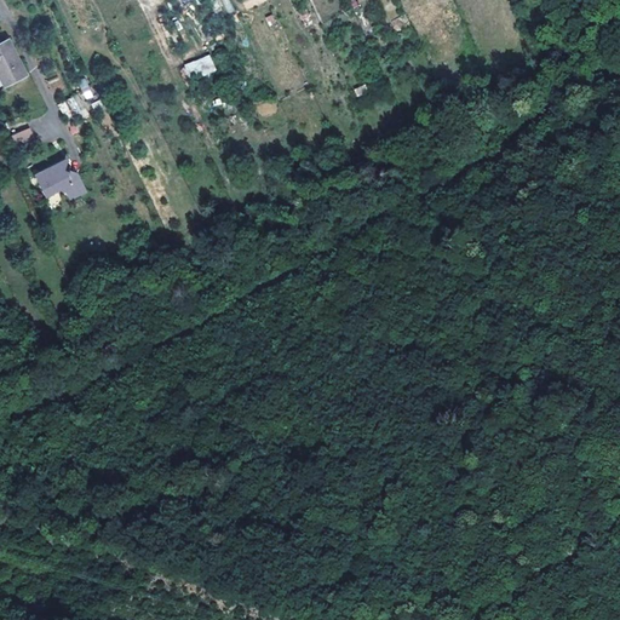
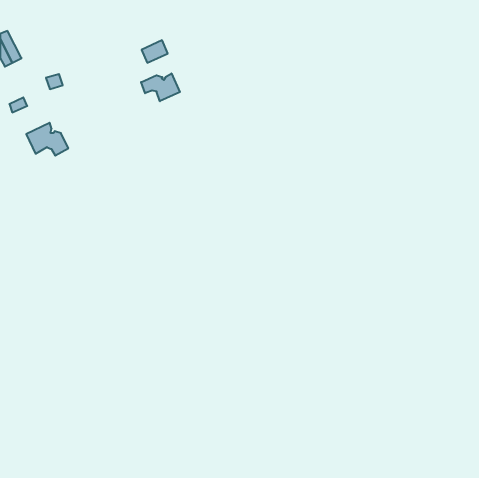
building: none -> [141,73,180,101]

